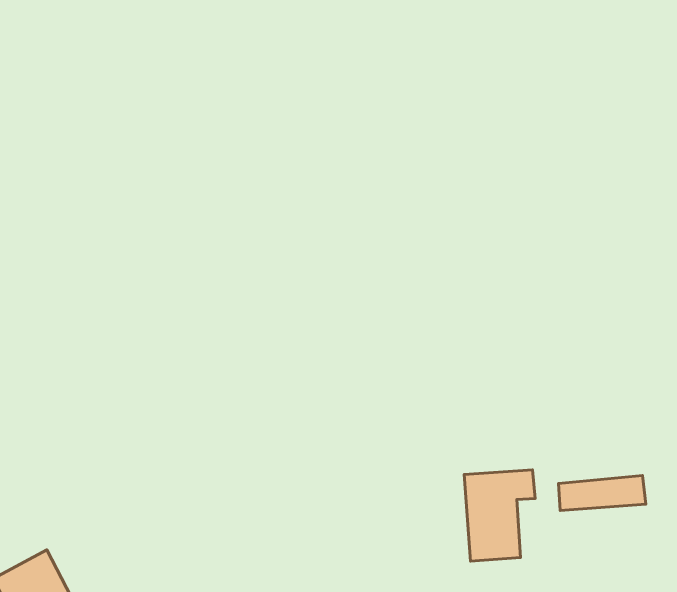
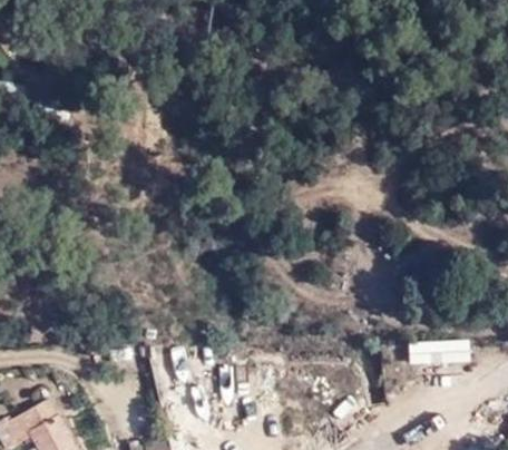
building: [464,470,535,561] -> none

